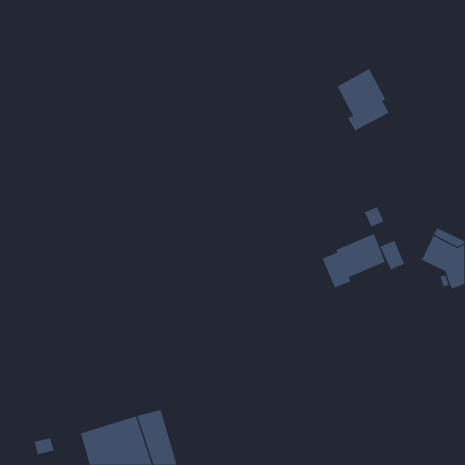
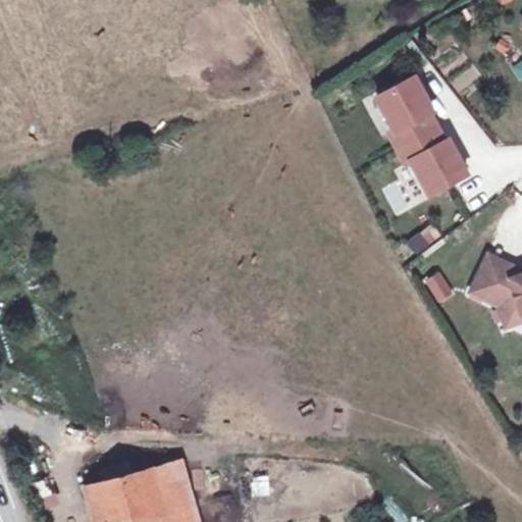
building: none -> [398,126,467,194]
building: [322,233,386,288] -> none

